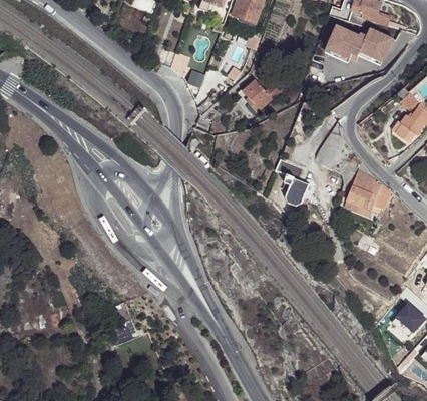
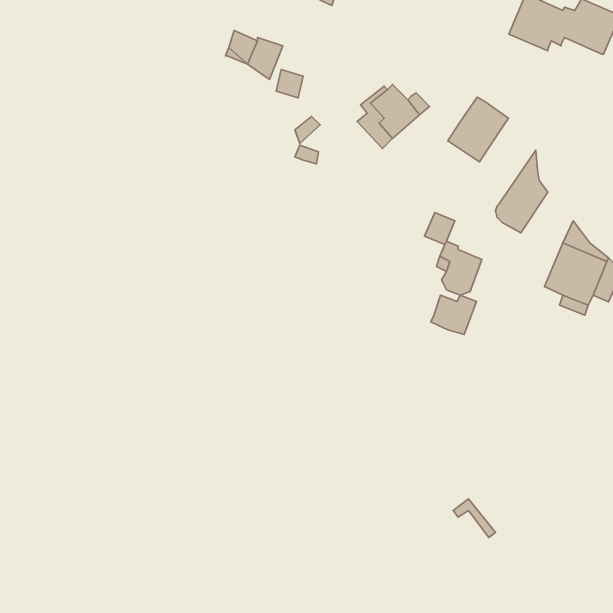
building: none -> [448,97,509,162]
building: none -> [431,295,477,335]

